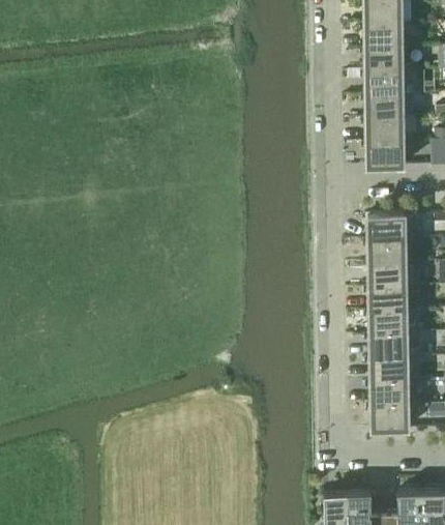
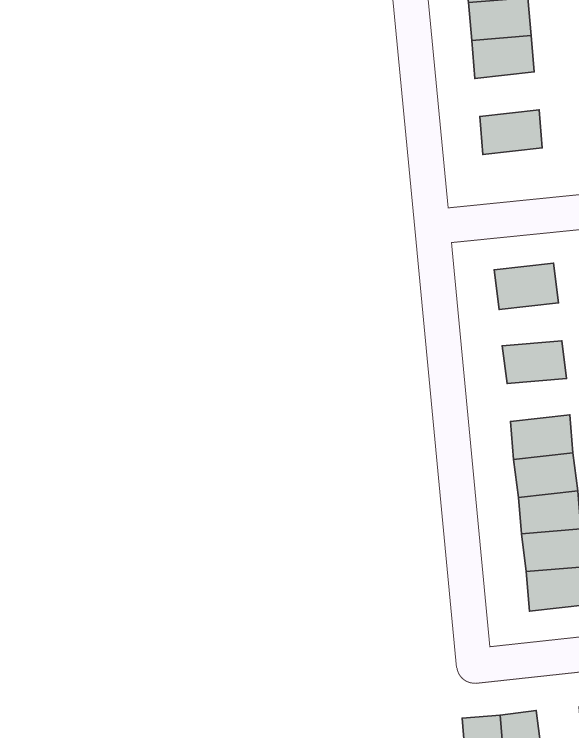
building: [366,92,405,117] -> none
building: [367,140,405,165] -> none
building: [369,237,407,261] -> none
building: [370,285,408,309] -> none

